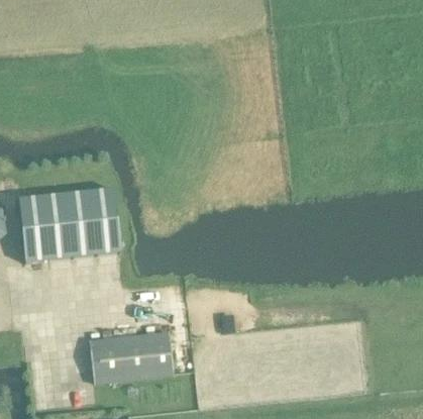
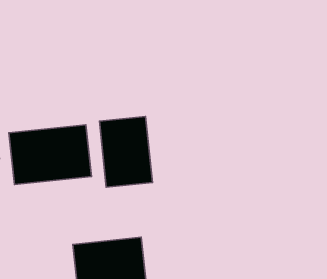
building: none -> [99,116,153,187]

